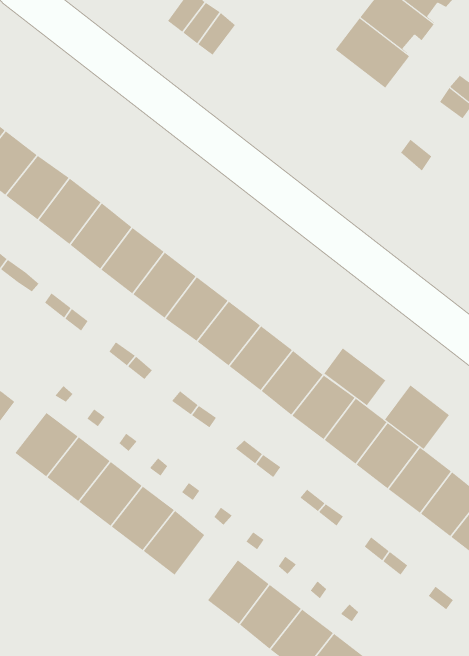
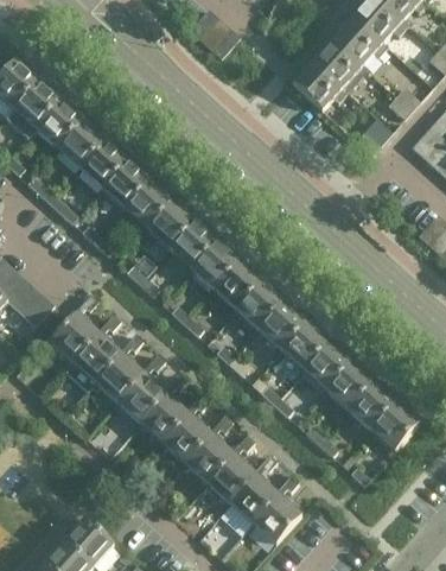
building: none -> [292,59,348,109]
building: [323,348,386,406] -> none
building: [384,385,450,450] -> none
building: none -> [163,414,210,463]

